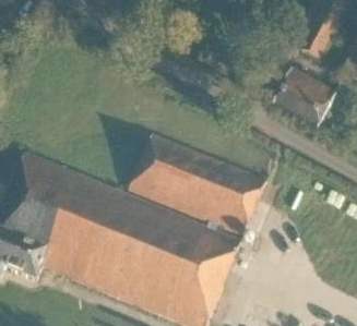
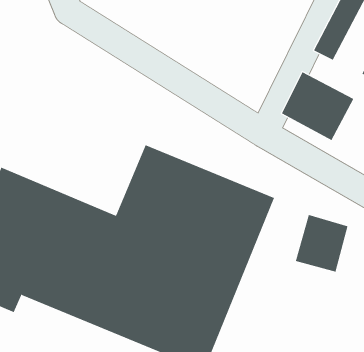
building: none -> [295,214,348,272]

